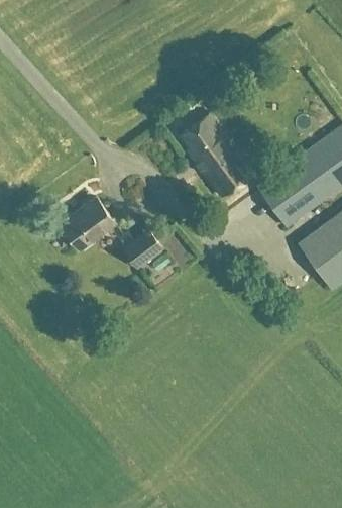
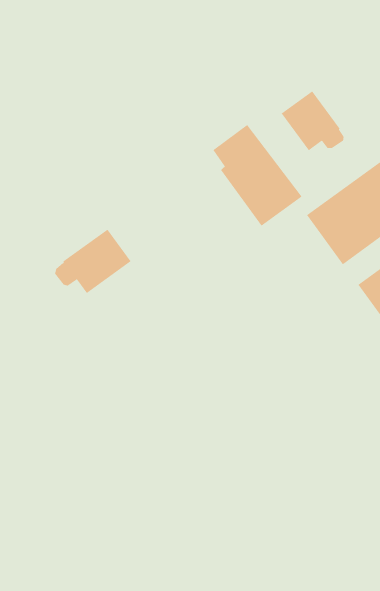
building: none -> [281,90,344,151]
building: [122,229,161,267] -> none

